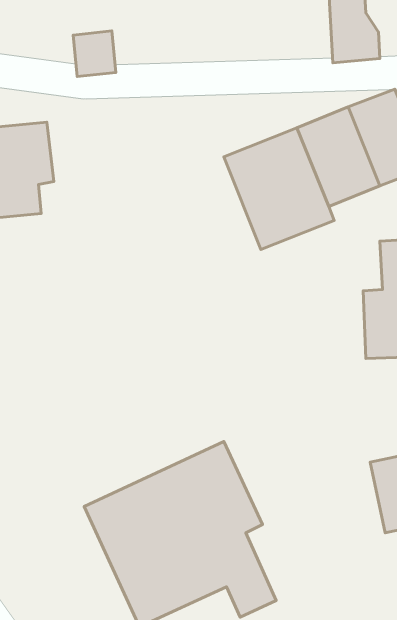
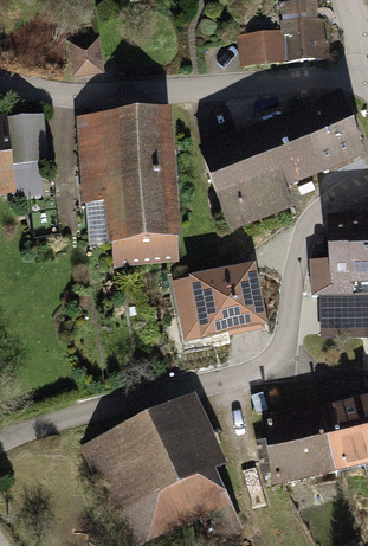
building: none -> [235,31,282,69]
building: none -> [78,110,183,262]
building: none -> [173,271,256,332]
building: none -> [262,406,334,478]

